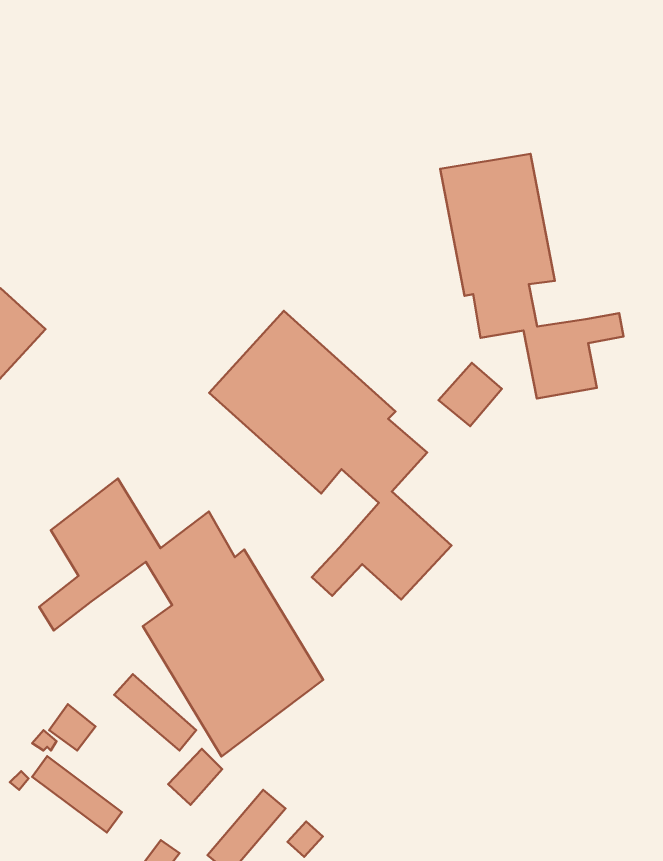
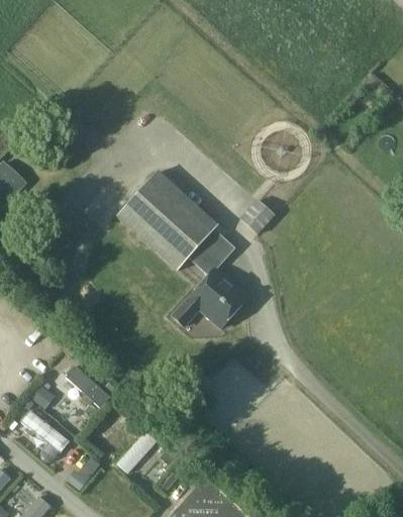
building: [440,154,624,399] -> none
building: [39,478,323,757] -> none

